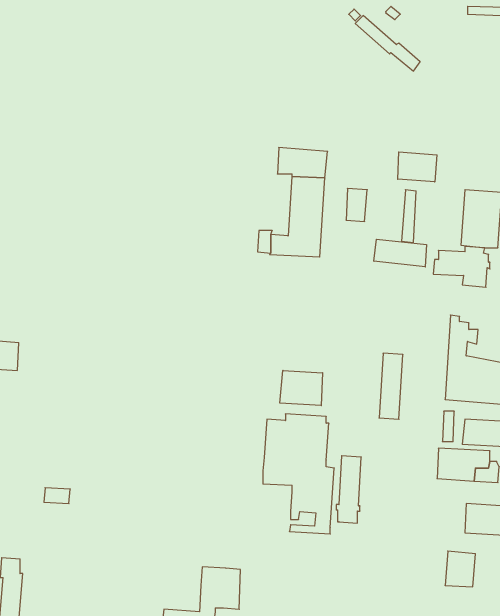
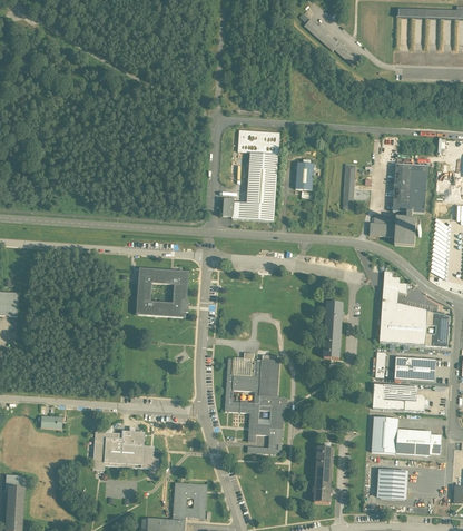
building: [398,152,437,182] -> none
building: [374,239,426,267] -> none
building: none -> [136,268,188,317]
building: [280,370,323,406] -> none
building: [336,456,361,523] -> [312,446,333,503]
building: none -> [371,415,397,453]
building: none -> [91,431,157,471]

